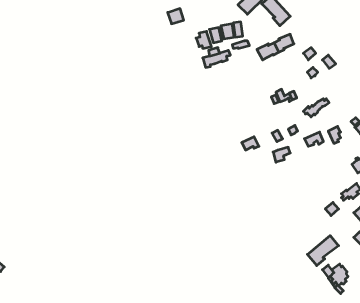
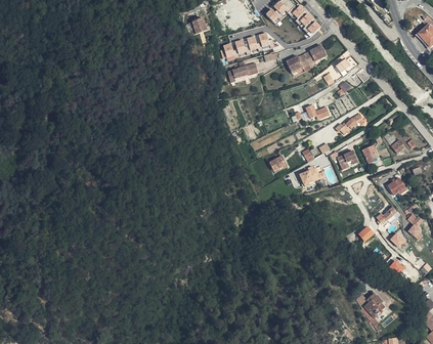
building: [307,236,339,266] -> none

